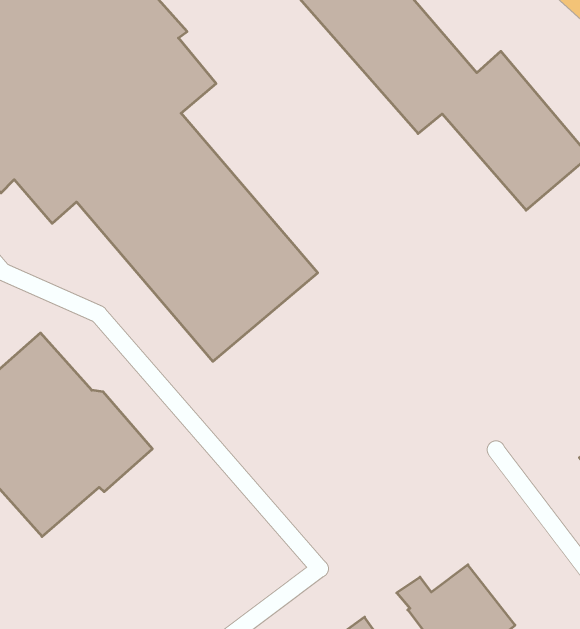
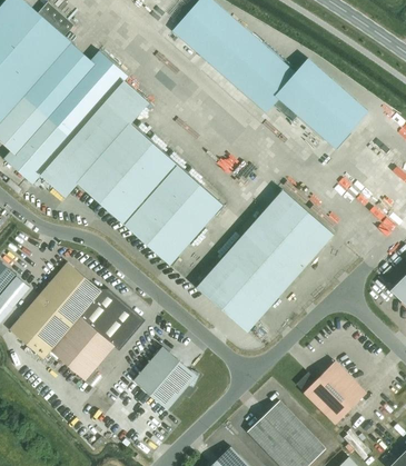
building: none -> [197,190,334,333]
building: none -> [133,347,197,410]

